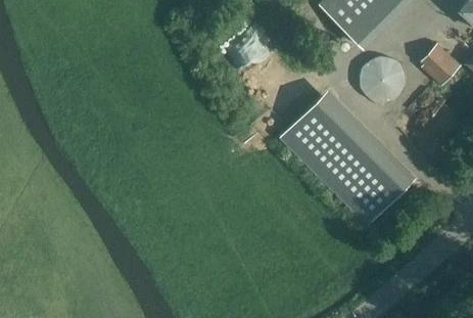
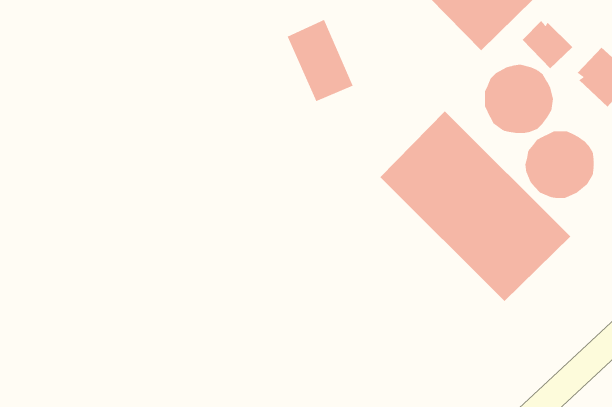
building: none -> [522,20,573,69]
building: none -> [525,130,594,199]

